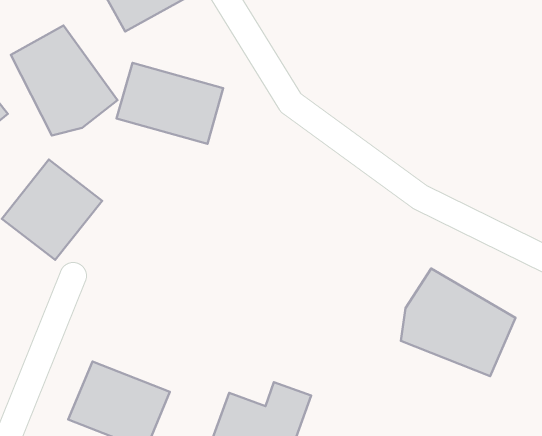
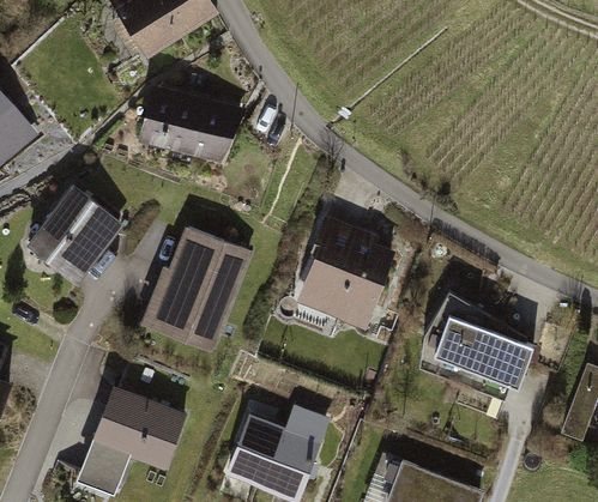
building: [11,25,118,135] -> none
building: none -> [296,214,397,326]
building: none -> [146,225,253,351]

